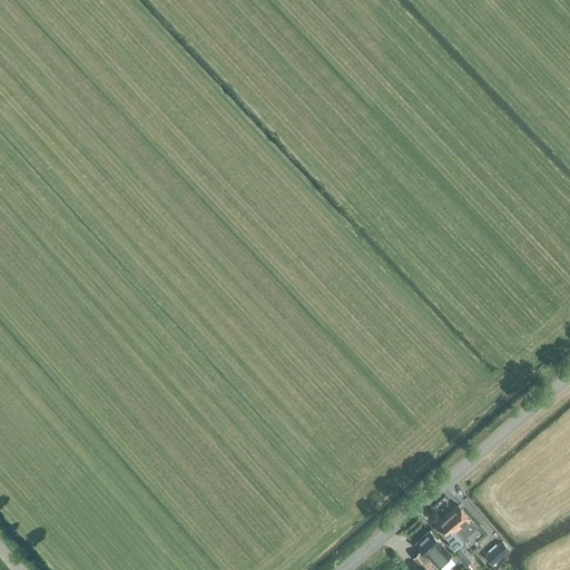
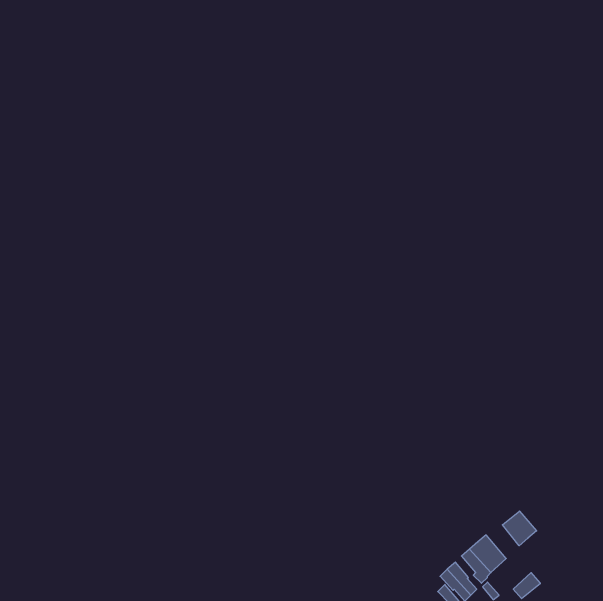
building: none -> [502,511,537,546]

